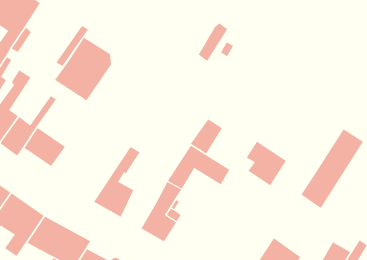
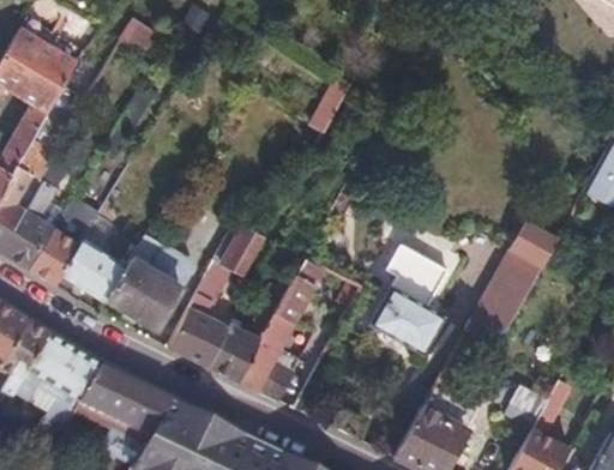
building: [54,37,112,101] -> [106,233,188,326]
building: [190,118,223,155] -> [218,223,265,276]
building: none -> [374,289,440,349]
building: none -> [211,324,261,380]

